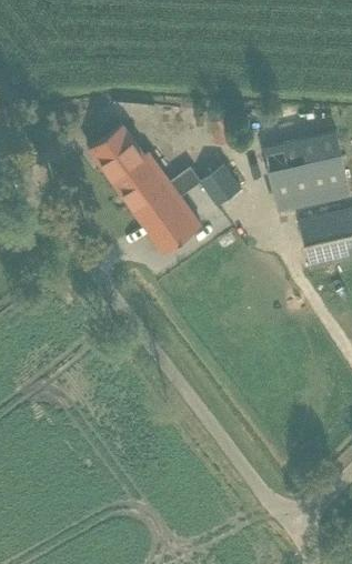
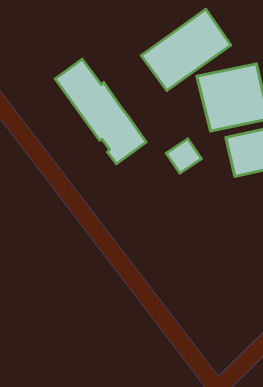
building: none -> [141,9,231,90]
building: [198,164,241,207] -> [166,139,201,173]

